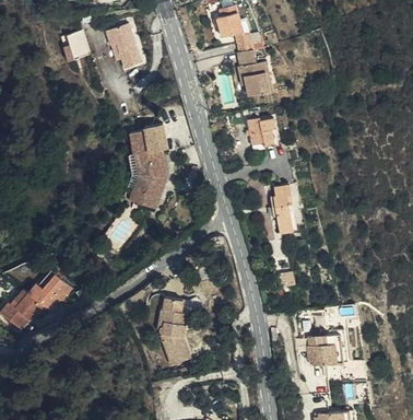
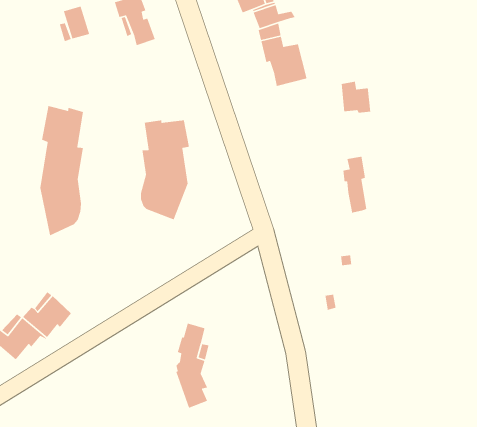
building: none -> [39,105,84,236]
building: [248,120,273,148] -> [341,81,371,114]
building: [272,185,293,233] -> [342,156,367,213]
building: [304,331,347,365] -> none

